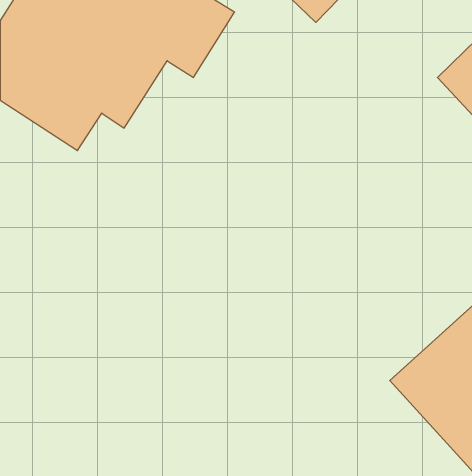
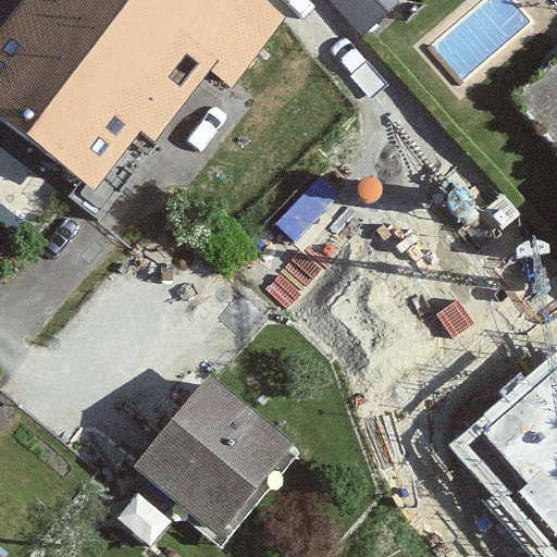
building: none -> [125,380,294,547]

